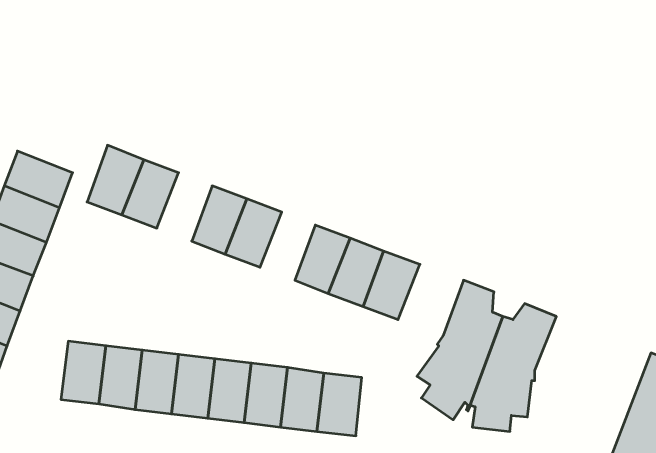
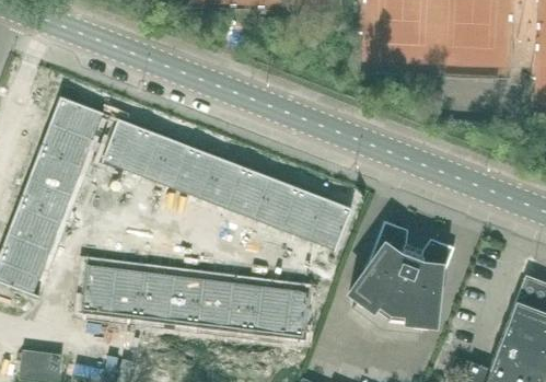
building: none -> [50,96,102,139]
building: none -> [155,139,197,190]
building: none -> [233,169,275,220]

